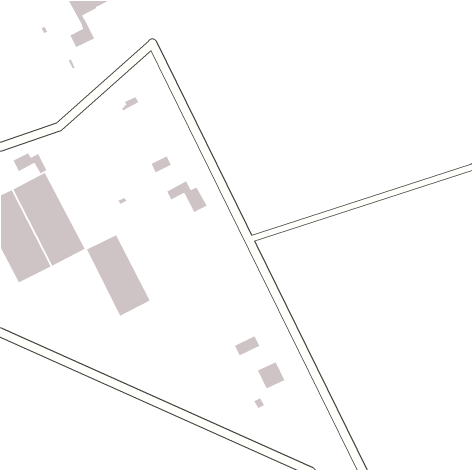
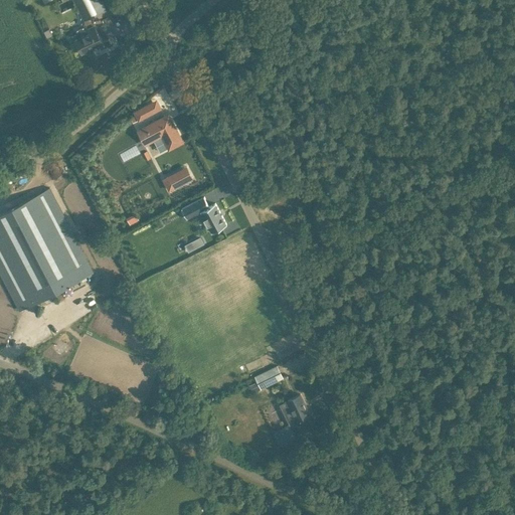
building: none -> [138,118,183,150]
building: [12,152,47,174] -> none
building: [86,234,151,317] -> none

